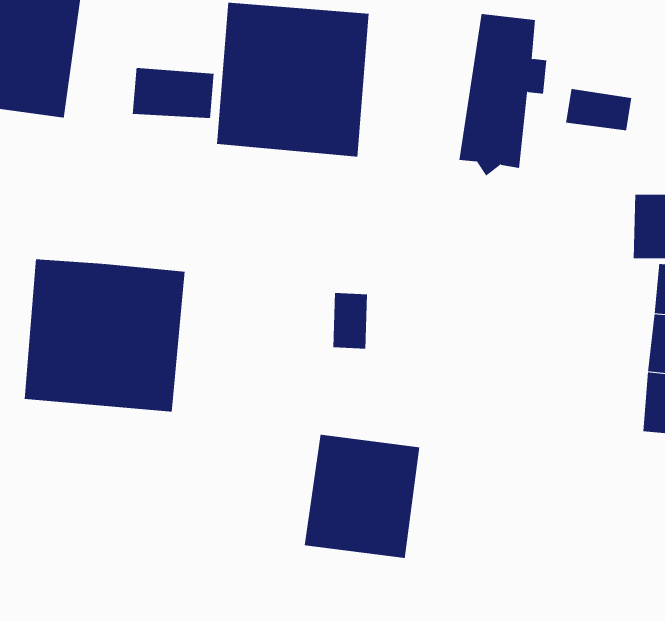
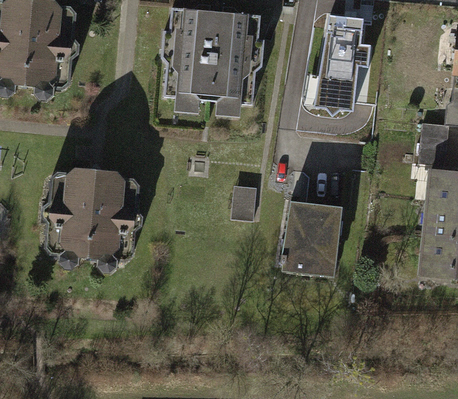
building: [132,67,214,119] -> none
building: [566,88,632,131] -> none
building: [304,434,420,558] -> [274,195,346,272]

